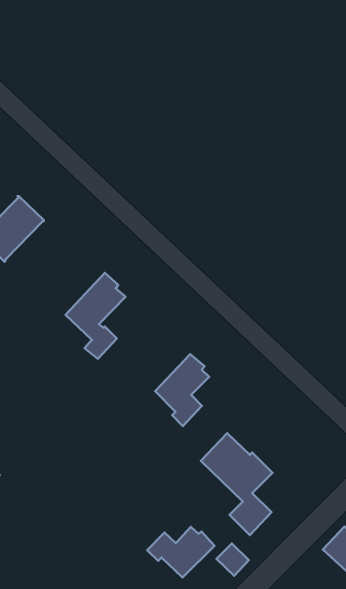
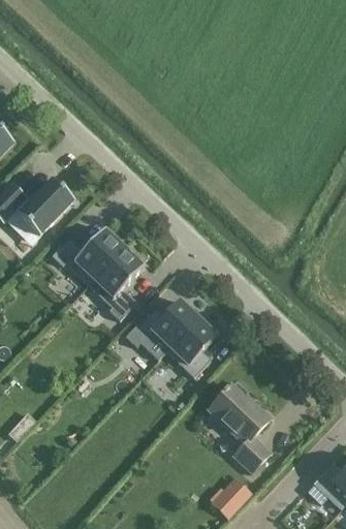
building: none -> [51,229,125,282]
building: none -> [124,301,198,348]
building: [147,527,214,577] -> none

